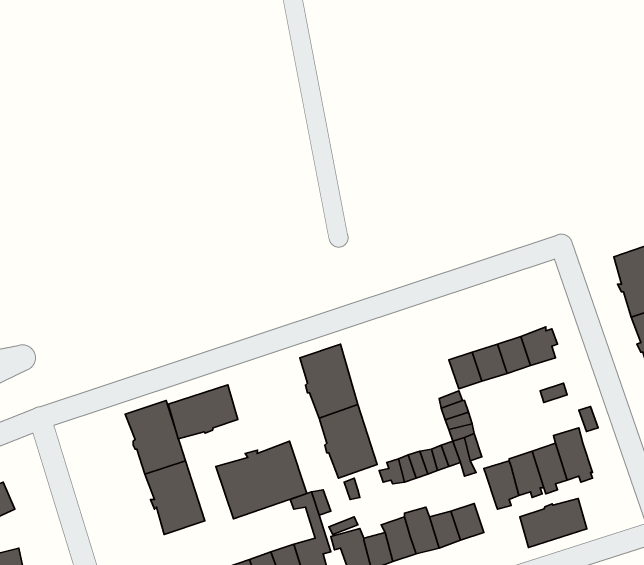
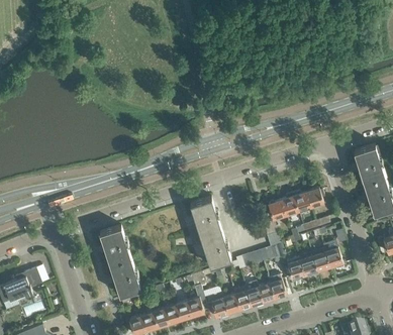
building: [168,385,238,439] -> none
building: [216,441,307,519] -> none
building: [520,498,587,547] -> none

